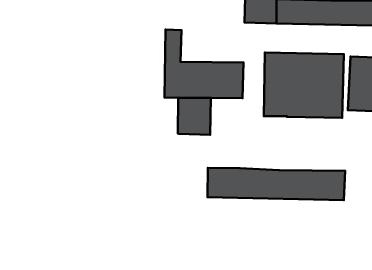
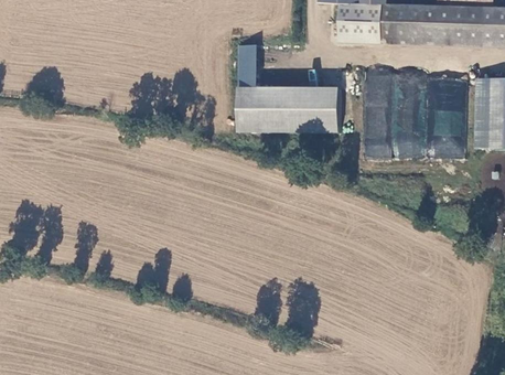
building: [178,98,211,135] -> none
building: [208,168,345,200] -> none

